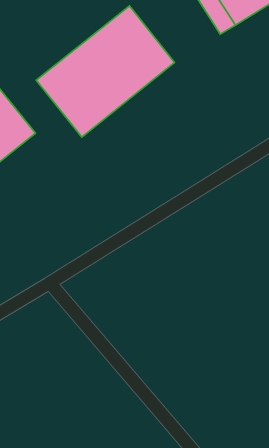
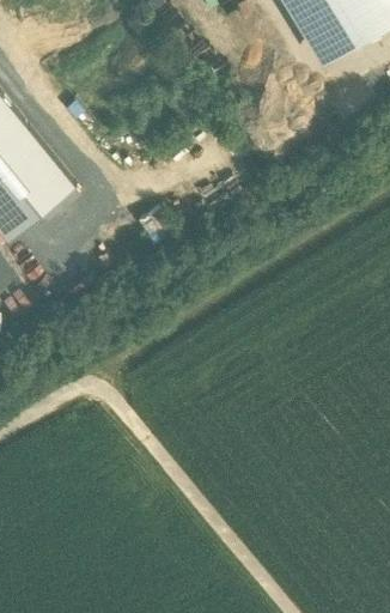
building: [36,6,174,137] -> none

